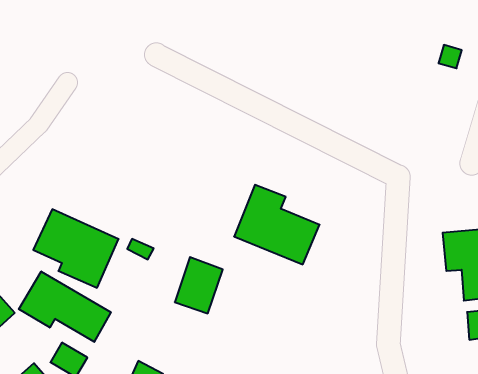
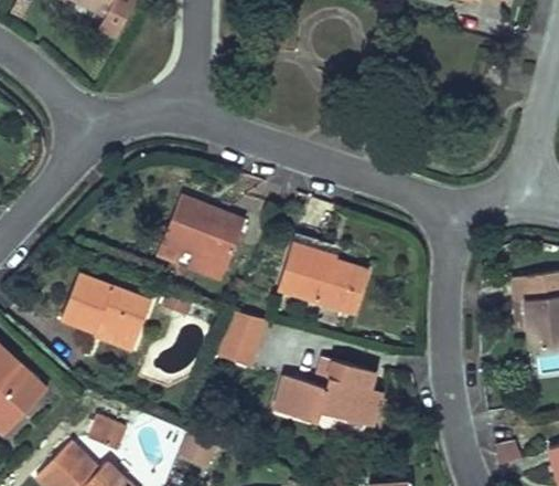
building: none -> [161,194,245,286]
building: [19,271,111,342] -> none
building: none -> [276,355,378,423]

